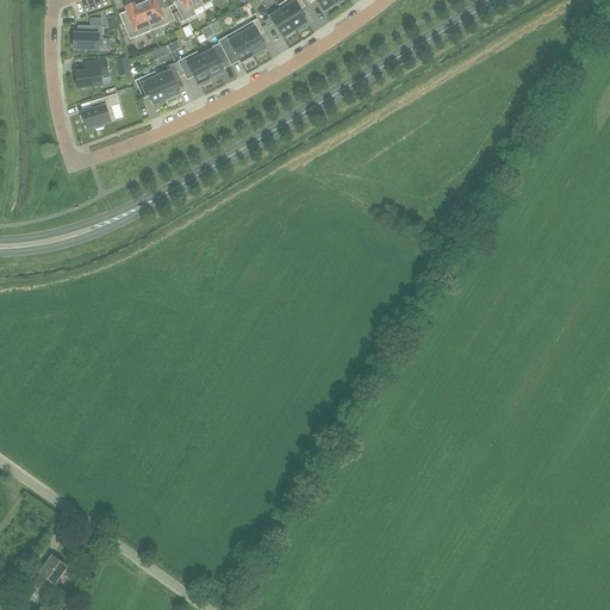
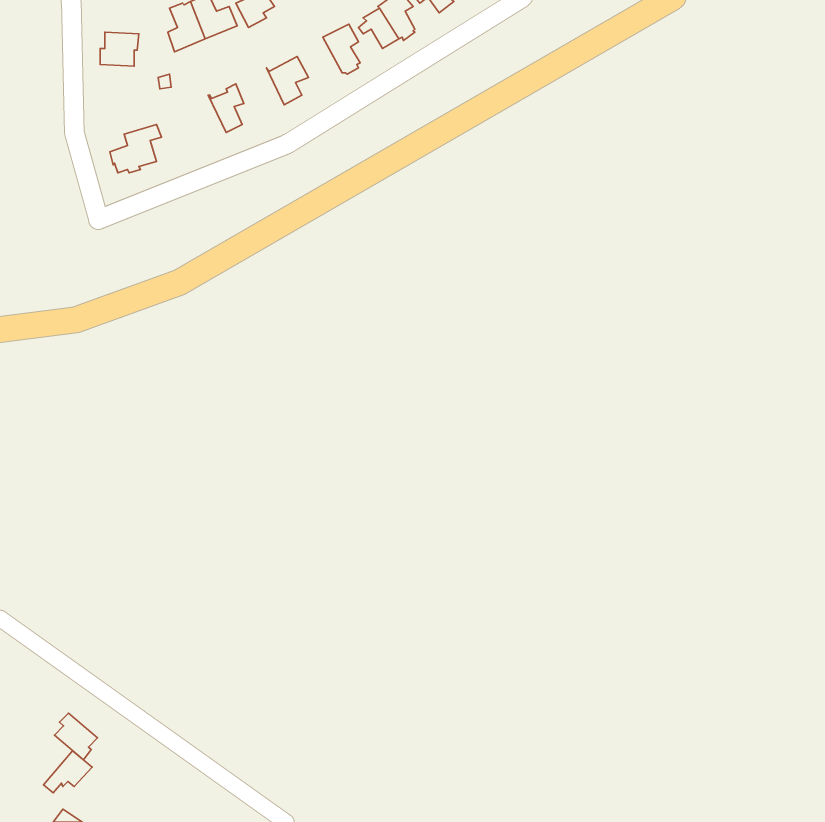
building: [218,27,253,61] -> none
building: [178,50,210,85] -> none
building: [74,62,107,89] -> none
building: [135,70,167,105] -> none
building: none -> [55,713,98,760]

